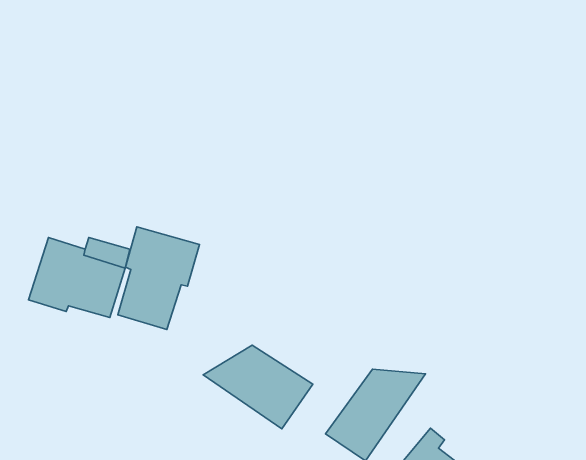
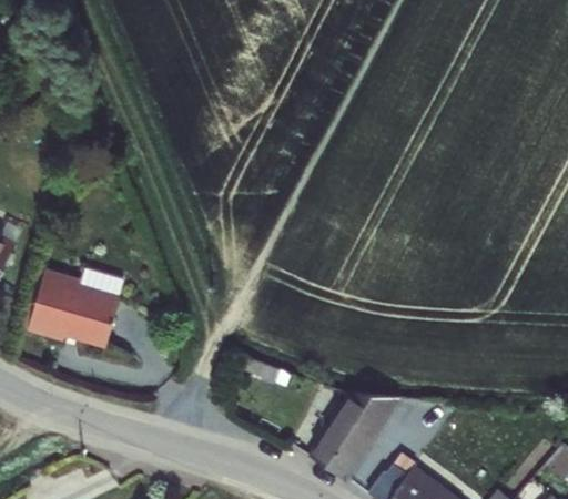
building: [118,227,200,330] -> none
building: [203,345,313,429] -> none

